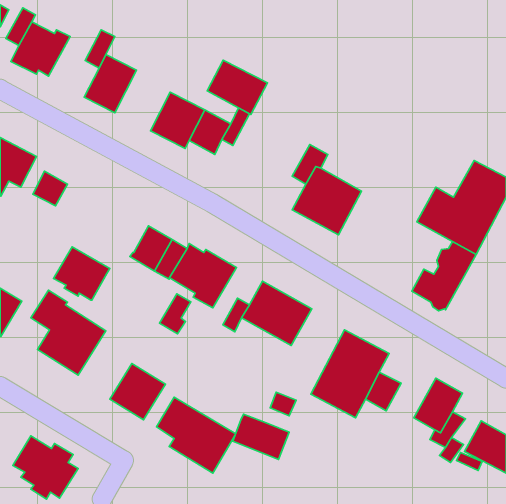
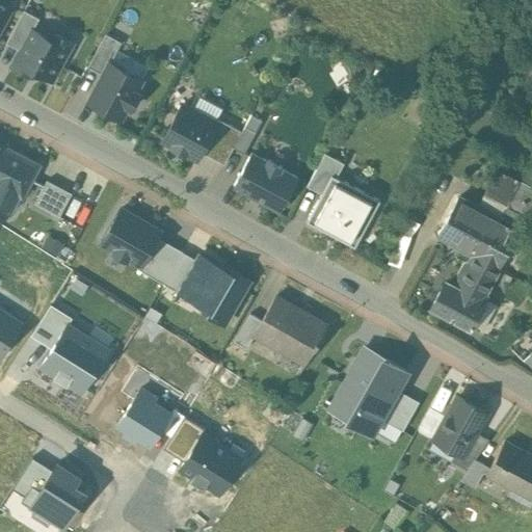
building: [207,60,268,115] -> [234,155,297,212]
building: [53,247,110,300] -> [100,211,159,267]
building: [160,294,191,334] -> none
building: [233,414,289,460] -> none

